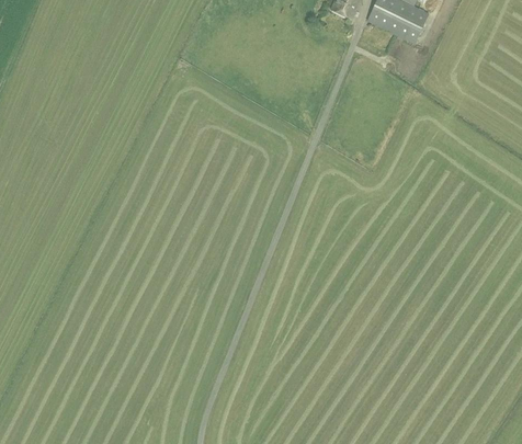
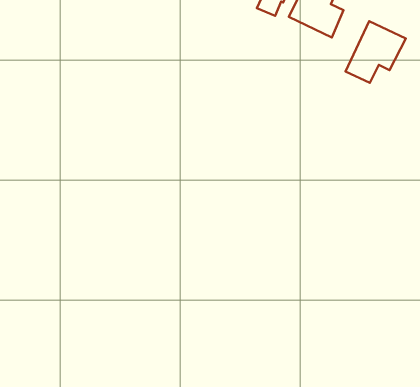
building: none -> [346,21,406,83]

